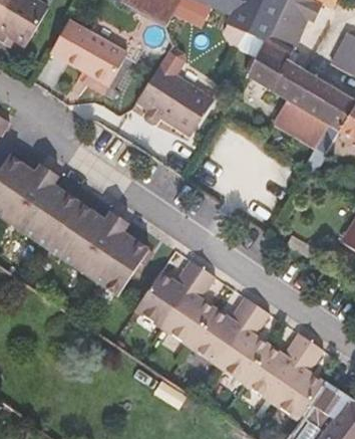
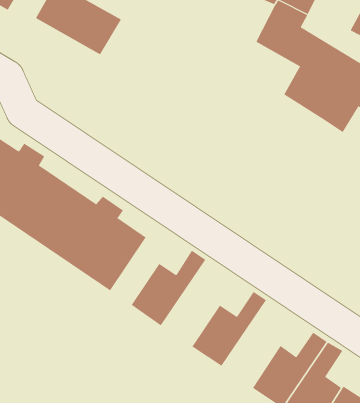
building: [136,64,214,136] -> none
building: [162,268,216,346] -> none
building: [217,304,270,383] -> none

